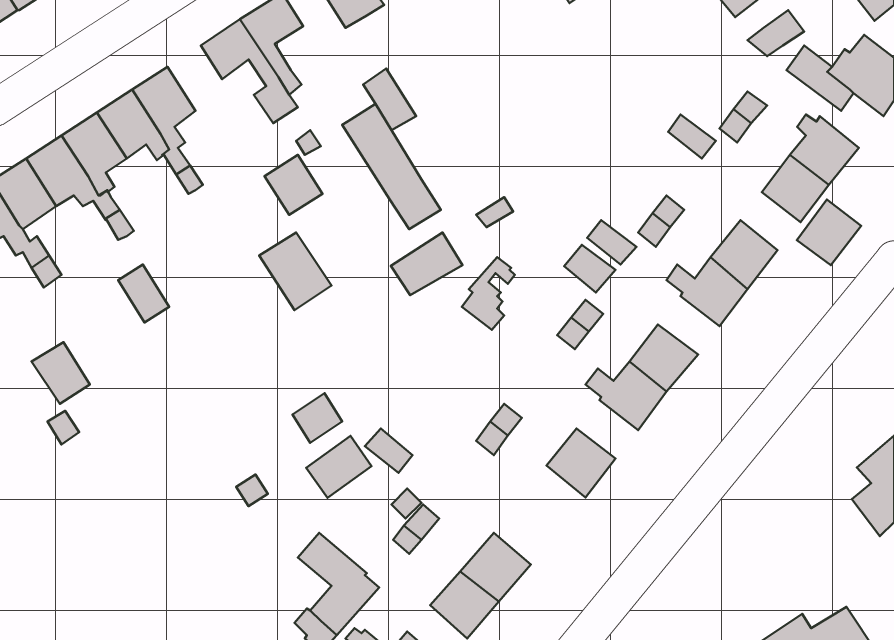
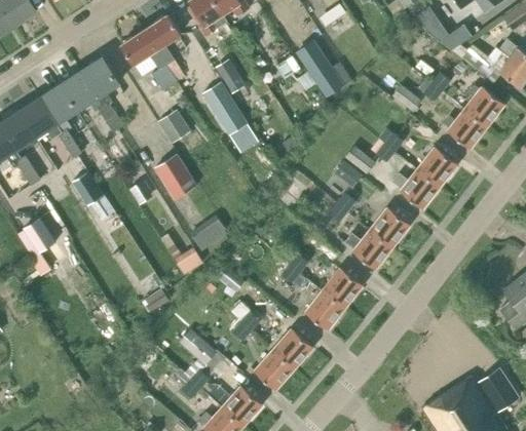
building: none -> [295,40,351,97]
building: [797,199,861,265] -> none
building: [391,233,463,295] -> none
building: [306,436,372,498] -> [189,215,227,251]
building: none -> [305,289,344,329]

